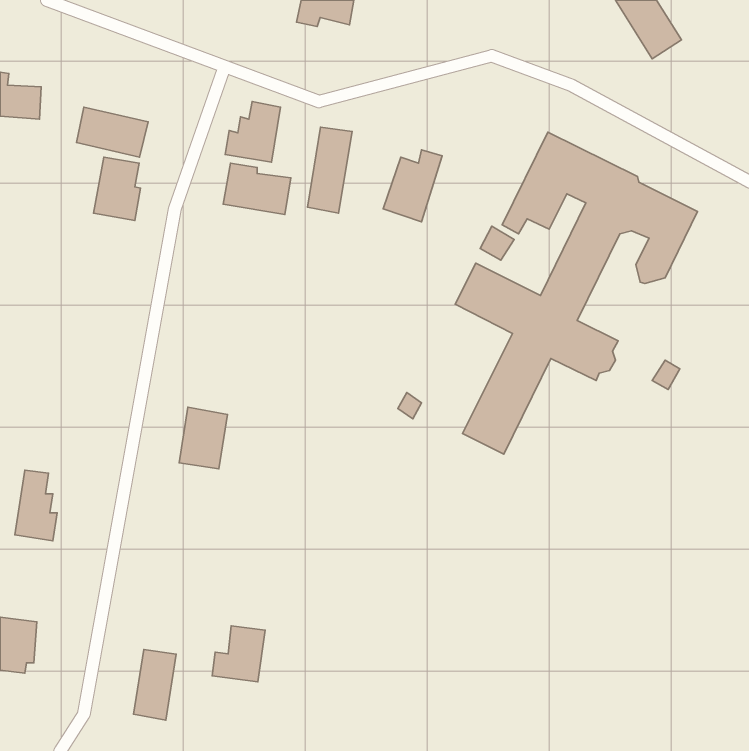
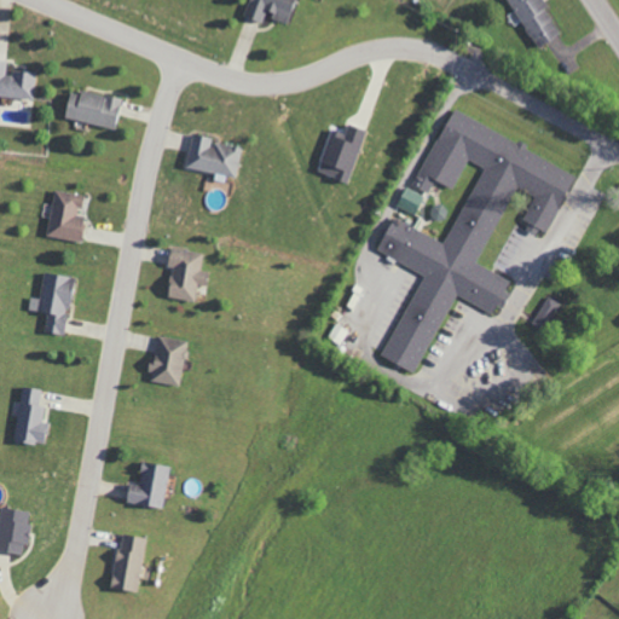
building: [225,102,280,162] -> none
building: [307,127,352,213] -> none
building: [94,157,141,220] -> [46,190,85,242]
building: none -> [166,247,208,301]
building: none -> [39,273,74,335]
building: [212,626,265,682] -> [126,462,169,508]

